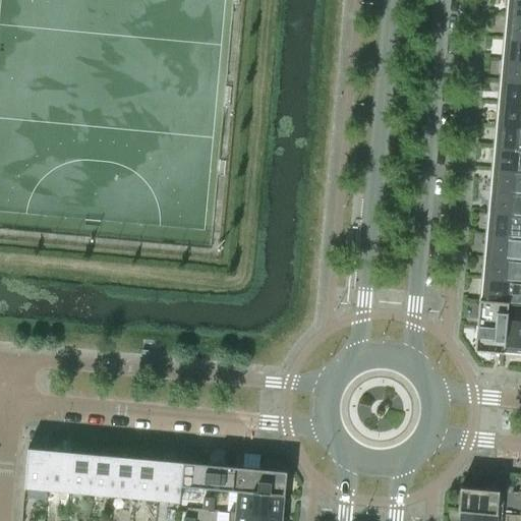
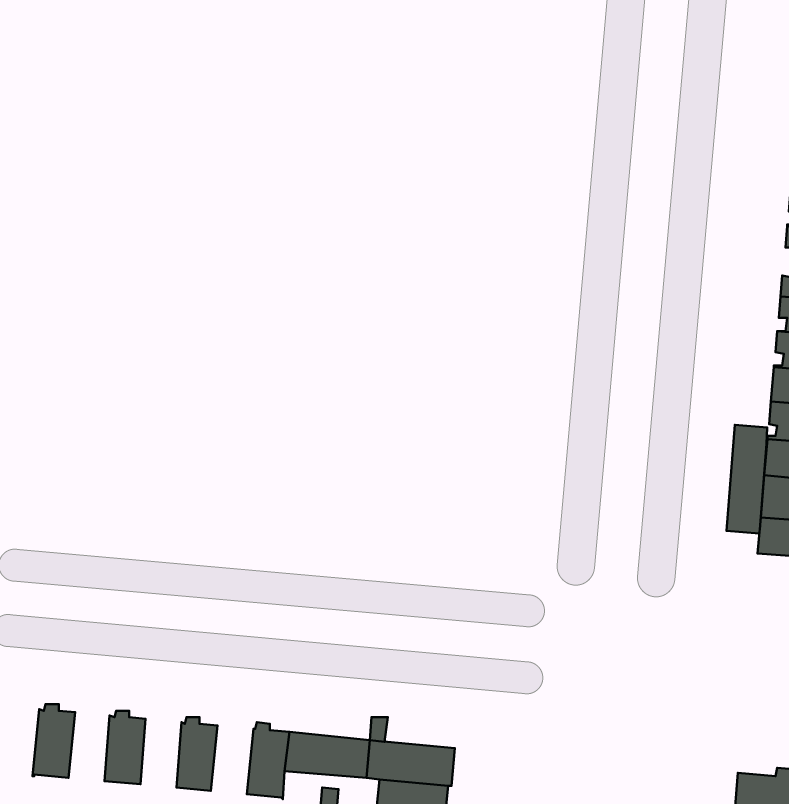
building: none -> [727,425,767,534]
building: [48,448,73,494] -> none
building: [93,452,118,498] -> none
building: [136,456,163,502] -> none

